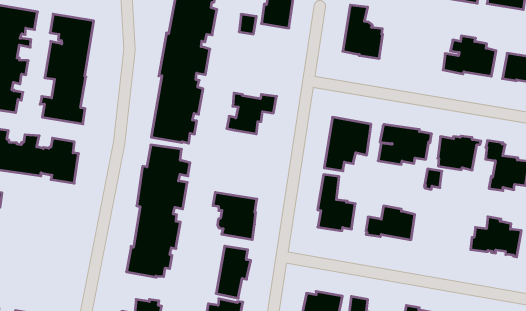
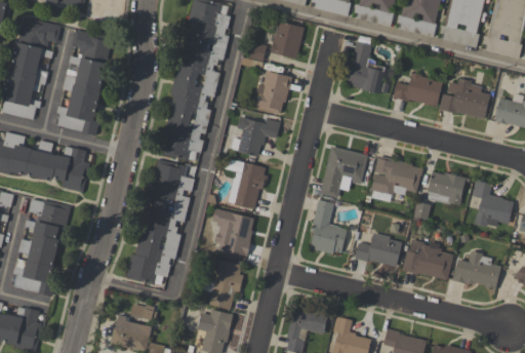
building: none -> [393,72,443,106]
building: none -> [255,71,292,114]
building: none -> [225,158,268,209]
building: none -> [13,198,69,296]
building: none -> [402,239,454,280]

